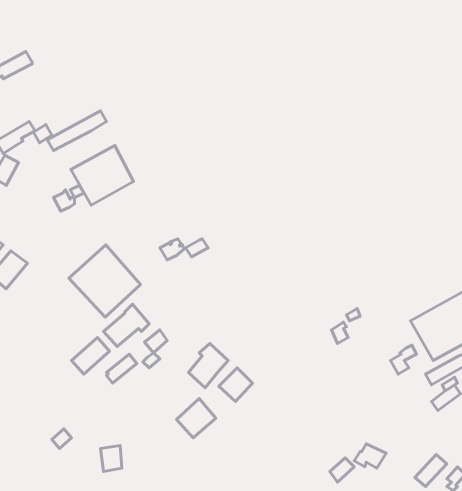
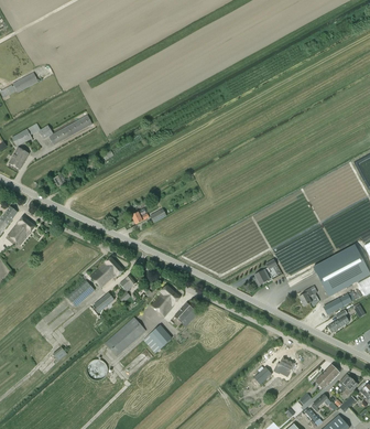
building: [71,146,134,205] -> none
building: [69,245,140,317] -> none
building: none -> [105,315,145,355]

